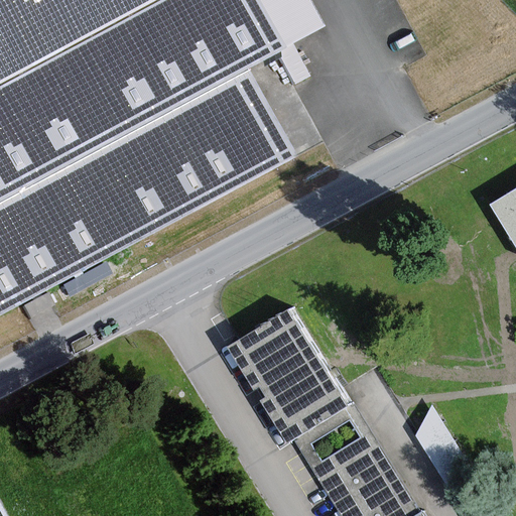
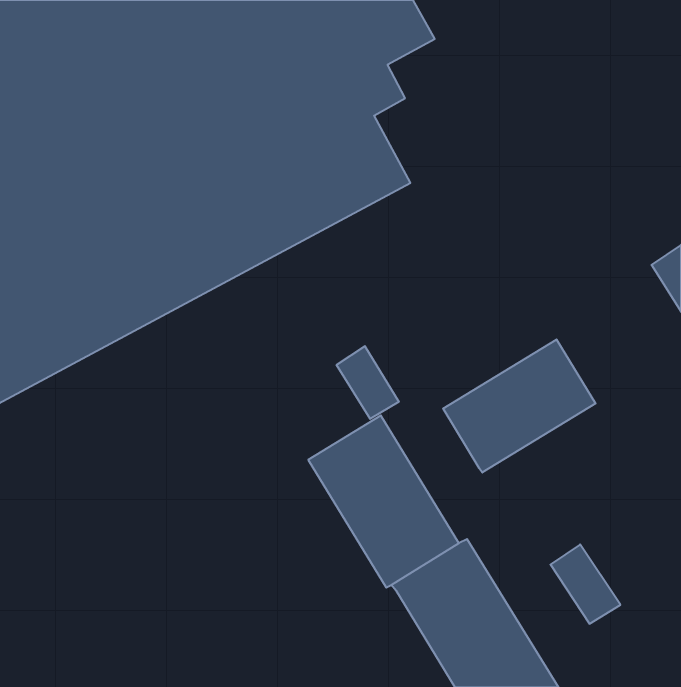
building: none -> [443,339,596,473]
building: none -> [337,346,399,419]

